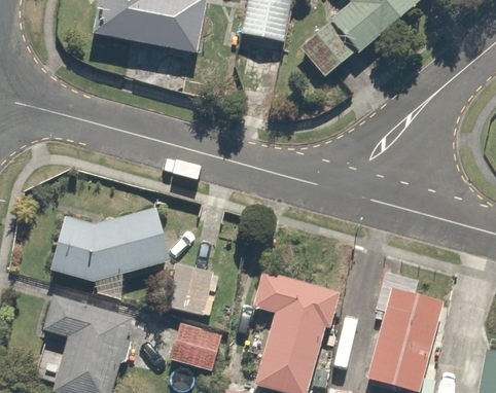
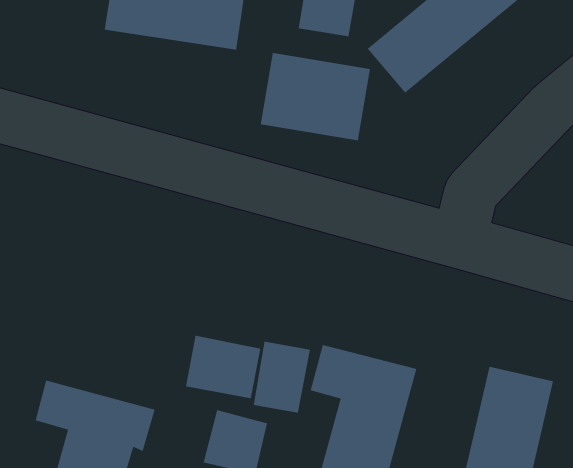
building: none -> [260,52,370,141]
building: [51,216,169,282] -> none
building: none -> [253,341,310,413]

